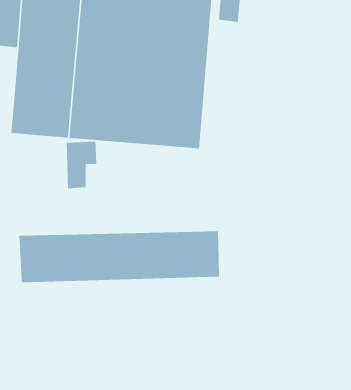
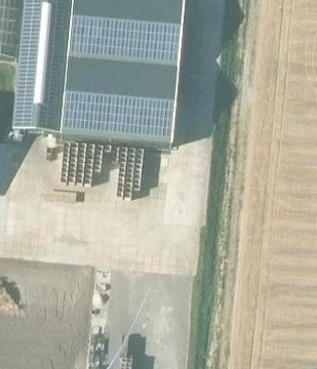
building: [19,230,220,283] -> none

